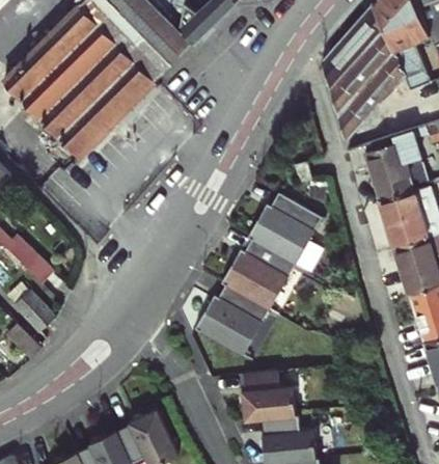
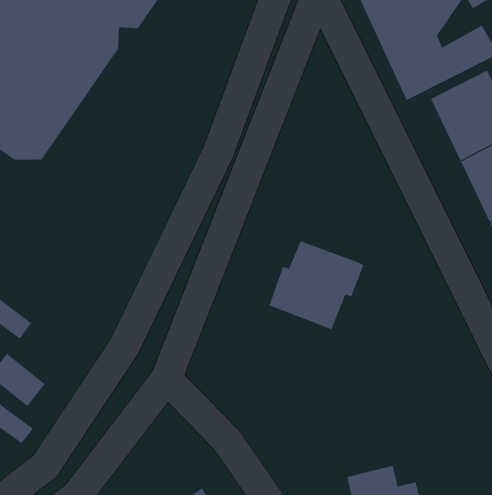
building: [252,195,326,264] -> none
building: [200,288,274,356] -> none
building: [244,371,299,420] -> none

